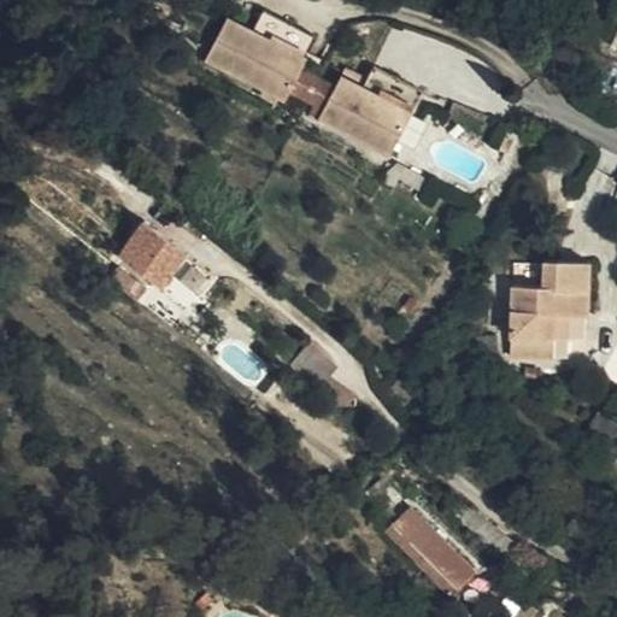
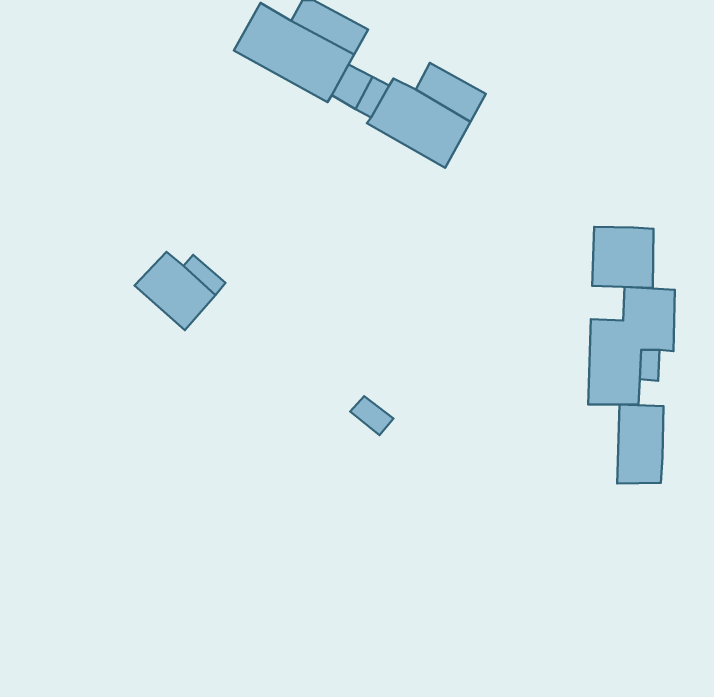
building: none -> [592,227,653,288]
building: none -> [617,404,663,483]
building: [388,505,481,593] -> none

